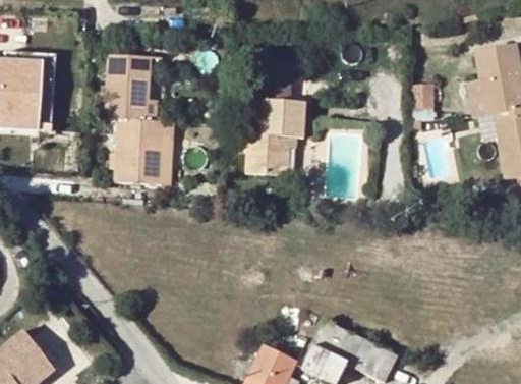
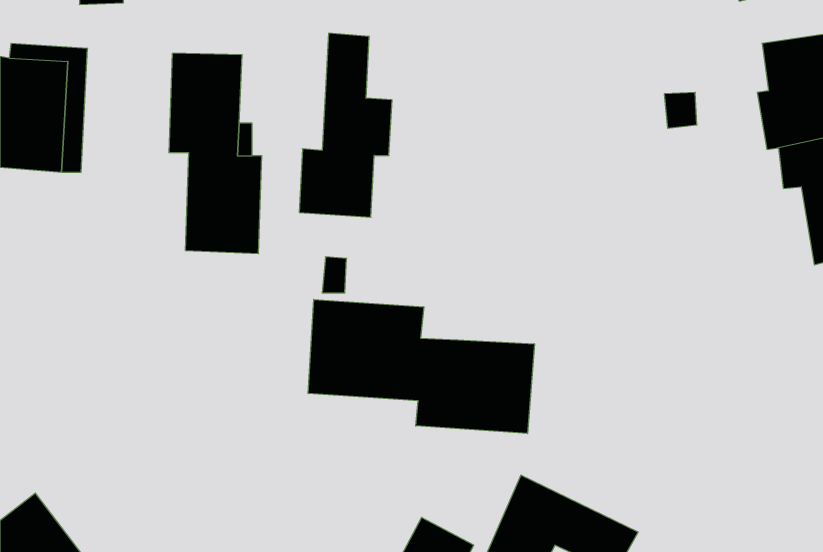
building: [248,61,306,176] -> [299,33,392,217]
building: none -> [308,299,534,434]

